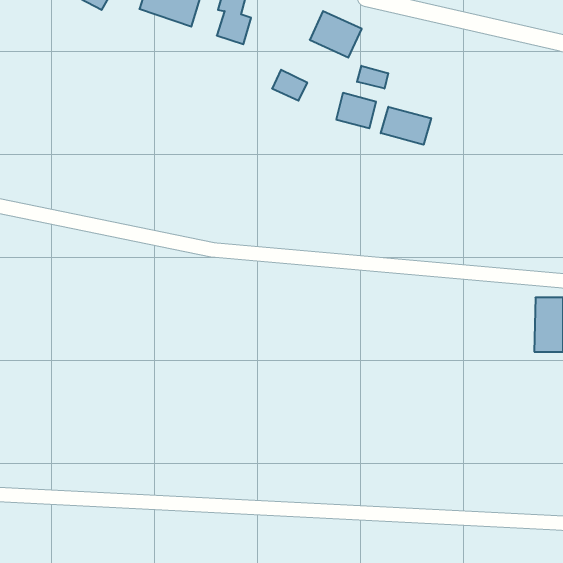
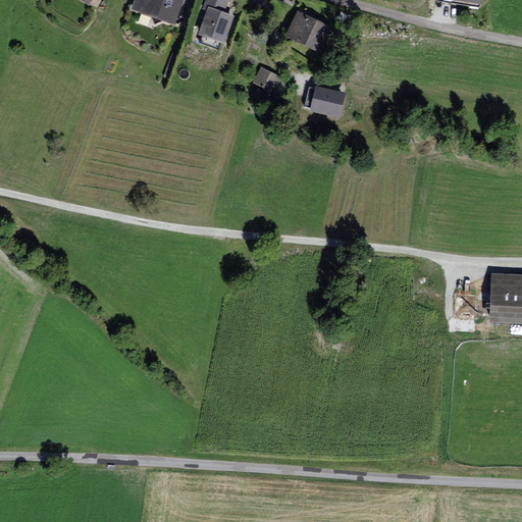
building: [357,66,388,89] -> none
building: [381,107,431,145] -> none

